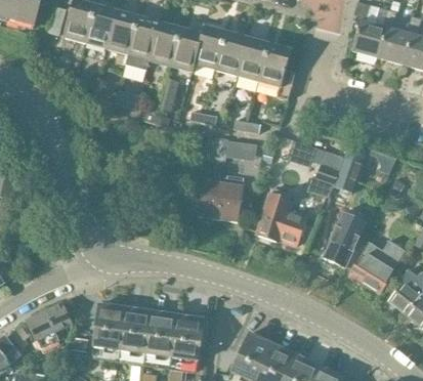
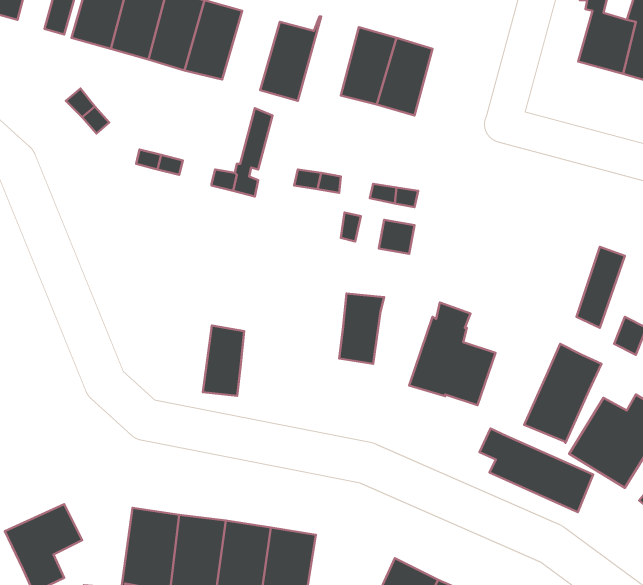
building: [150,22,182,67] -> none
building: [193,25,227,73] -> none
building: [259,43,294,99] -> none
building: [305,151,359,197] -> none
building: [197,179,220,219] -> [203,326,244,396]
building: none -> [480,429,593,512]

